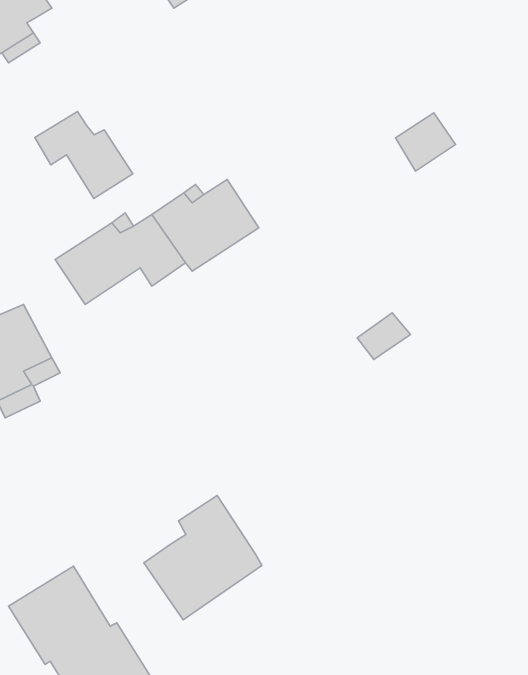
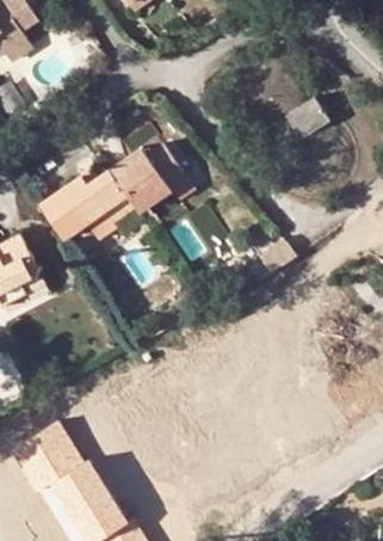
building: [35,112,133,198] -> none
building: [144,495,262,620] -> none

